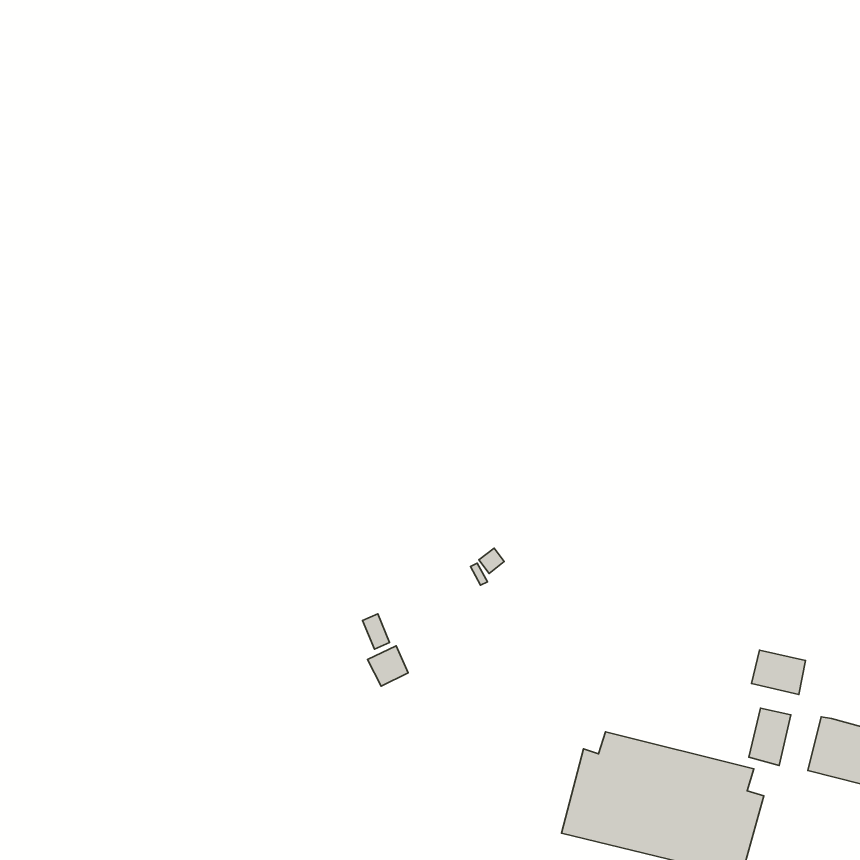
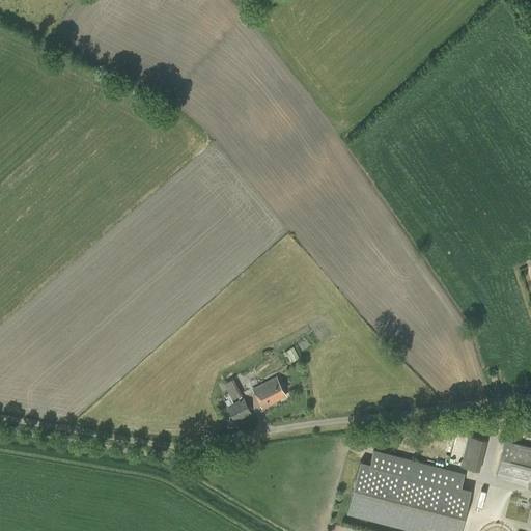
building: none -> [254,378,287,409]
building: [751,650,806,694] -> none

